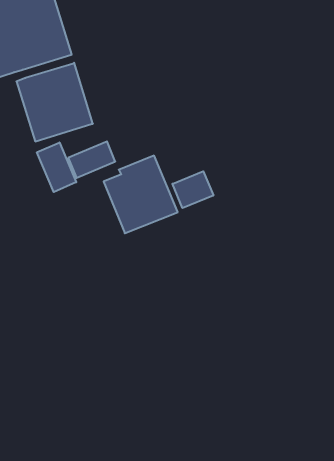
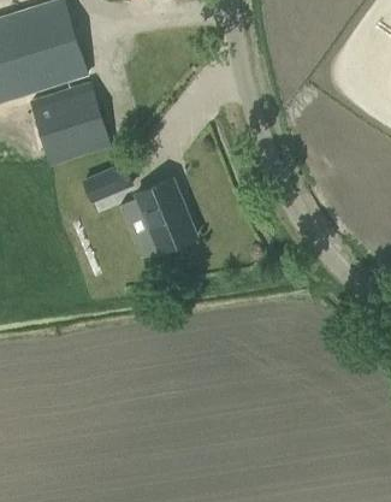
building: [37,142,76,192] -> none
building: [172,171,213,208] -> none

